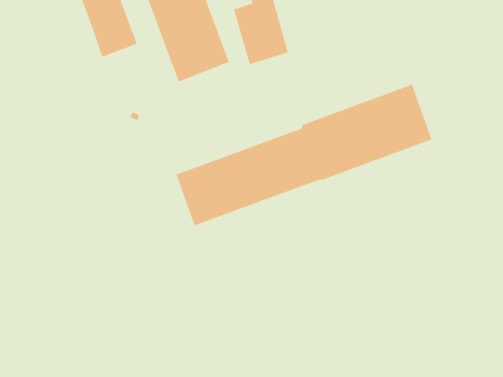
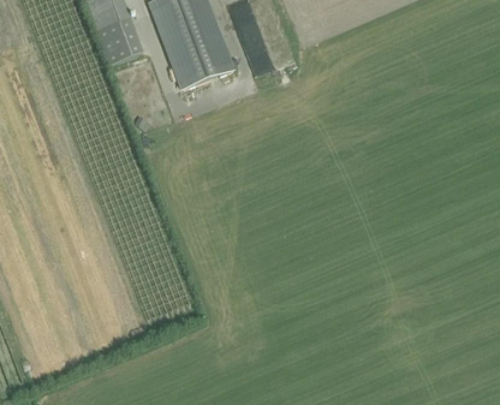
building: [176,84,432,226] -> none

